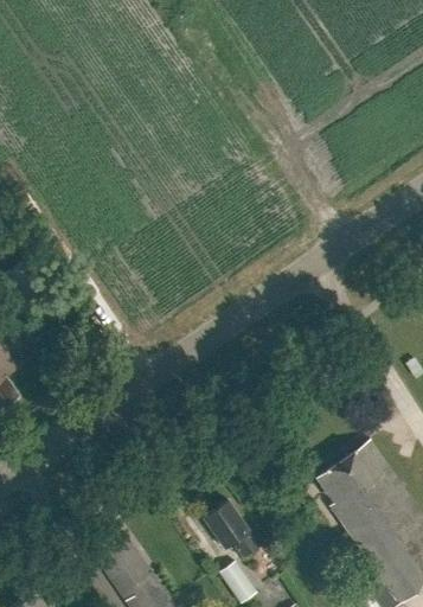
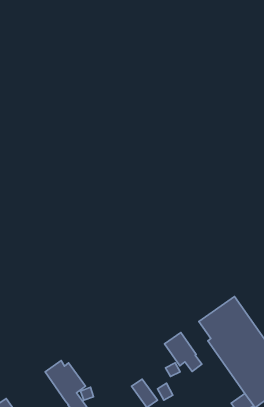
building: [205,503,259,560] -> [165,333,202,371]

